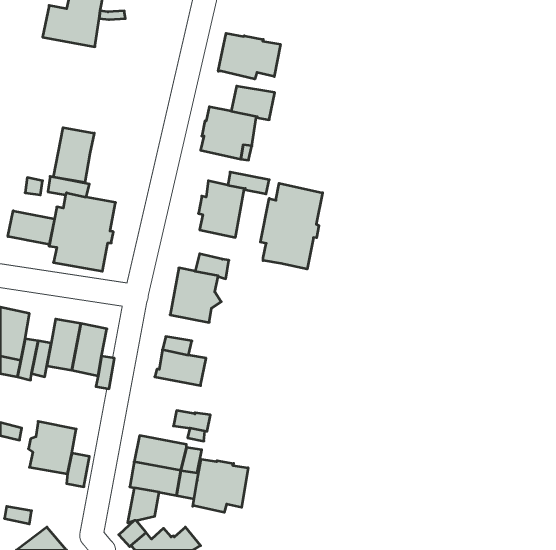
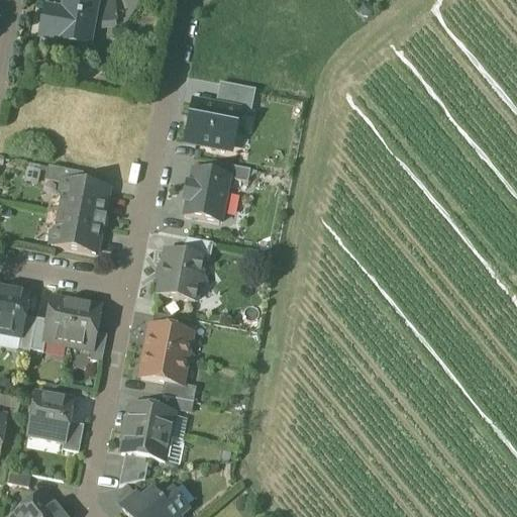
building: [218,33,280,79] -> none
building: [53,128,94,183] -> none
building: [260,183,323,269] -> none
building: [8,211,54,245] -> none
building: none -> [141,349,187,384]
building: [193,459,248,512] -> none

